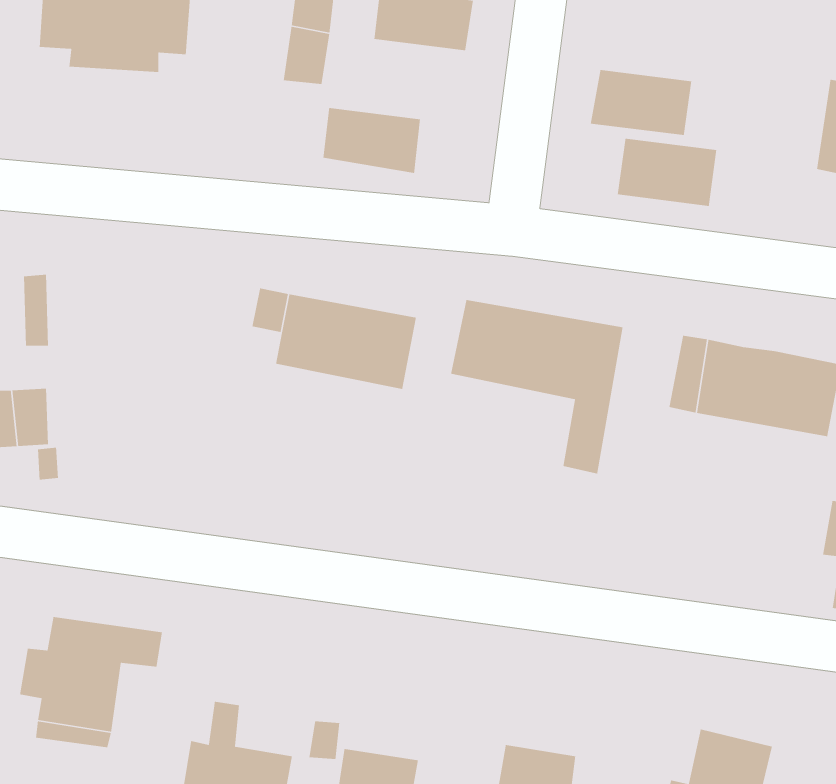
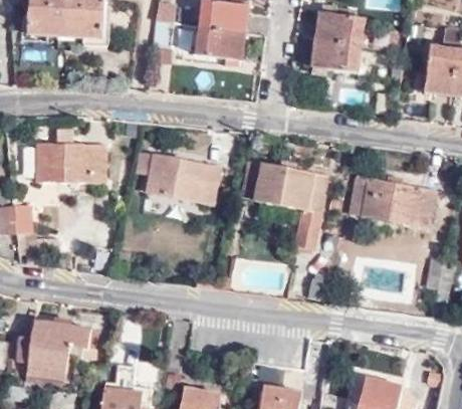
building: [322,107,421,174] -> [195,25,245,59]
building: [617,138,717,207] -> [313,11,365,46]
building: none -> [36,144,104,184]

